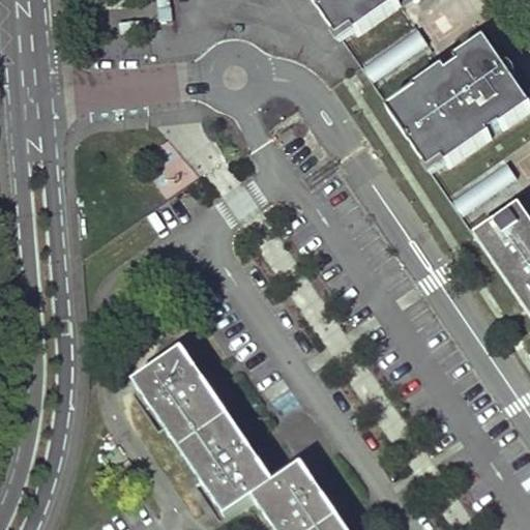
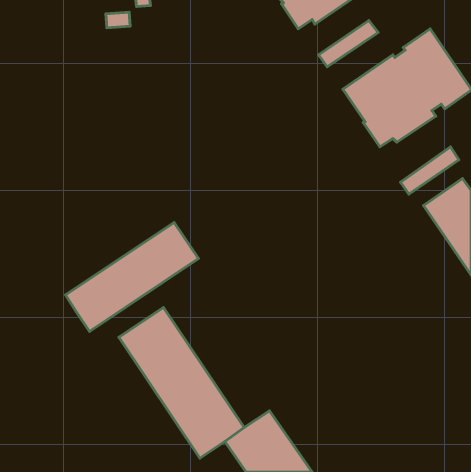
building: none -> [66,222,198,331]

